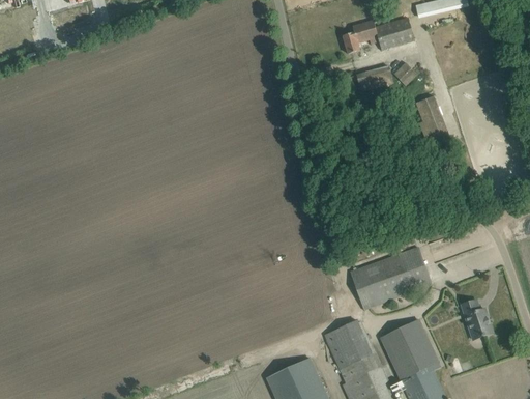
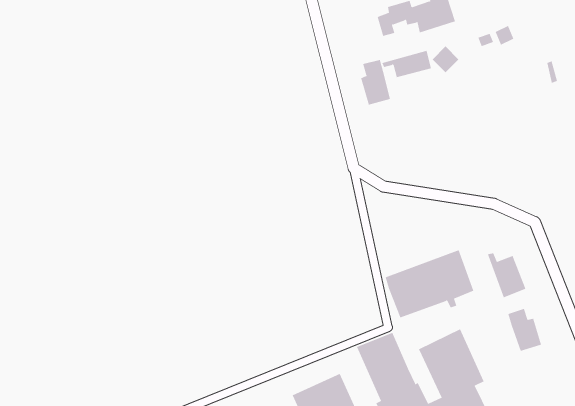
building: none -> [361,59,391,105]
building: [414,95,445,136] -> none
building: none -> [487,252,526,298]

